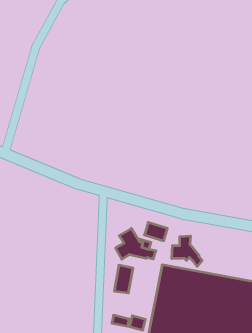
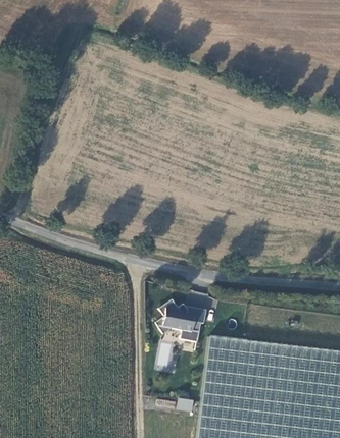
building: [172,236,202,266] -> none

